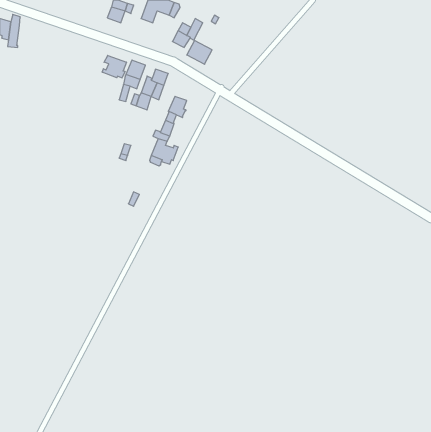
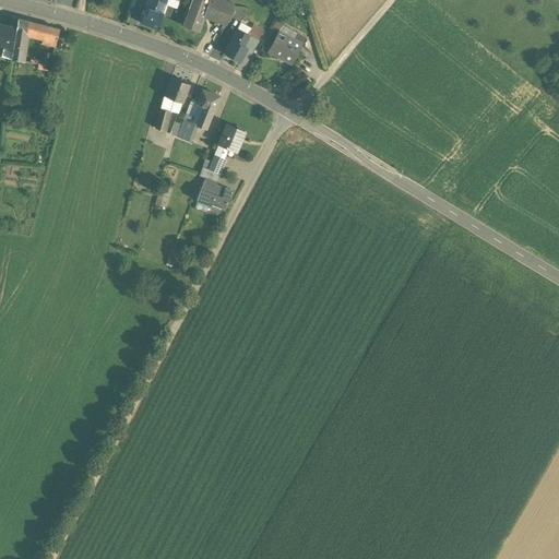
building: none -> [25,22,58,46]
building: [187,41,212,64] -> [267,33,300,63]
building: [102,55,126,78] -> none

